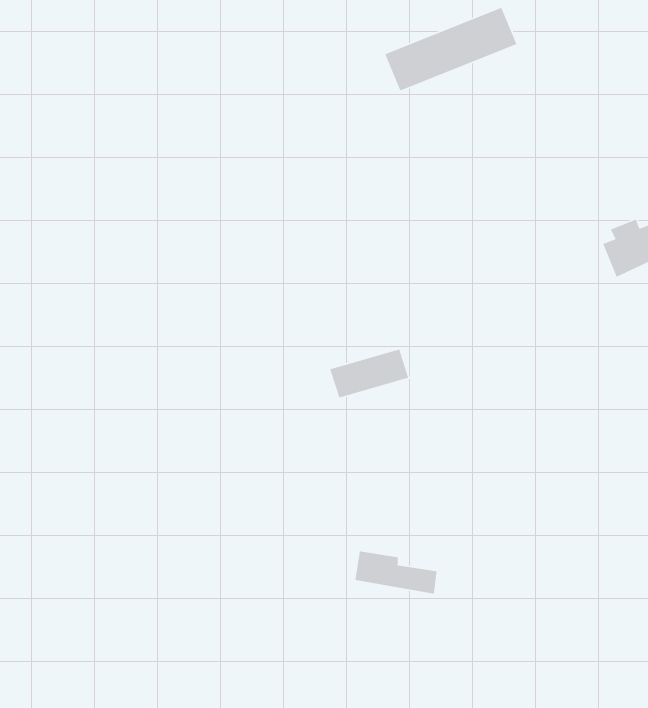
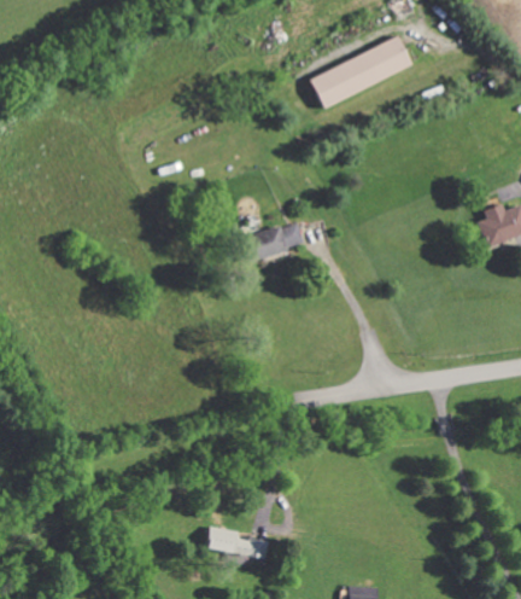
building: [329,348,409,398] -> [245,221,306,260]
building: [354,551,438,594] -> [205,527,269,560]

